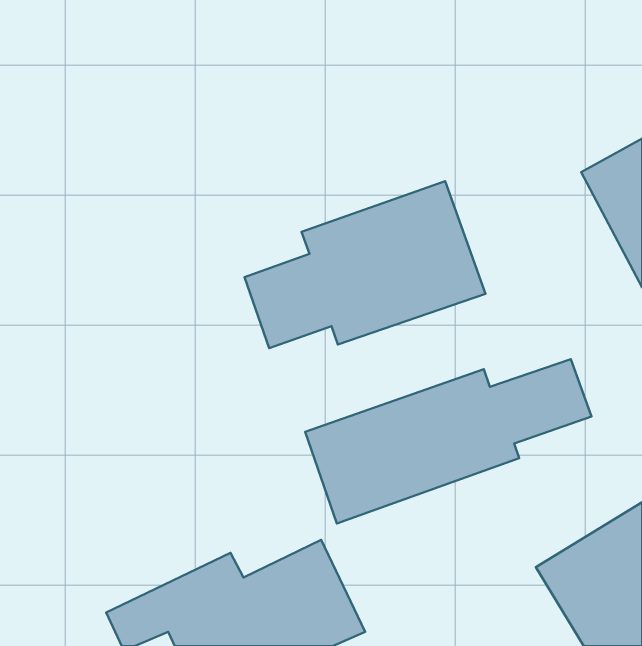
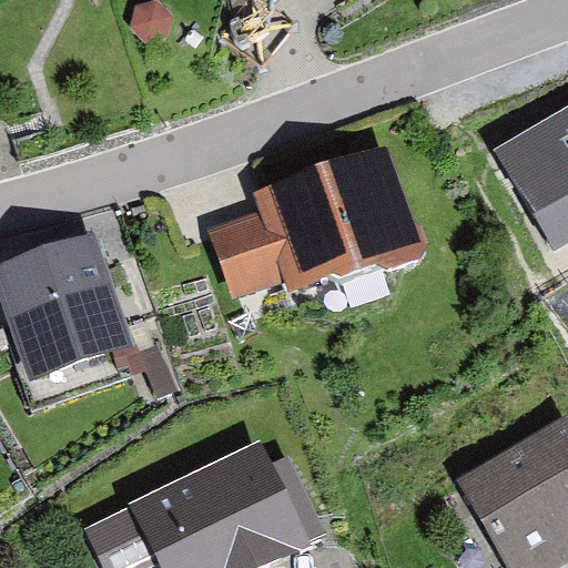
building: none -> [21,214,146,363]
building: [305,359,591,524] -> none

